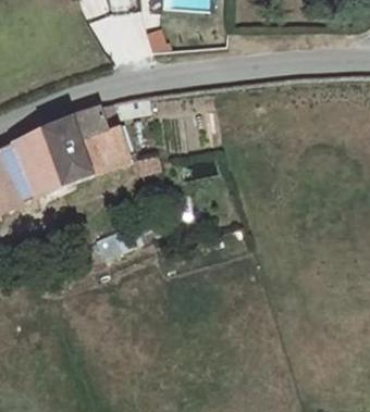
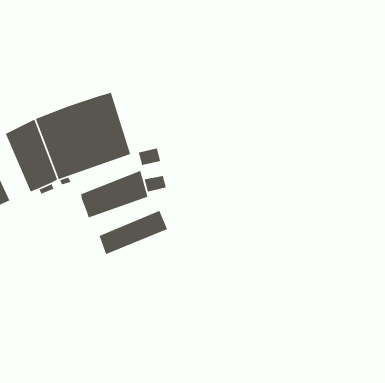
building: none -> [80,170,149,219]

